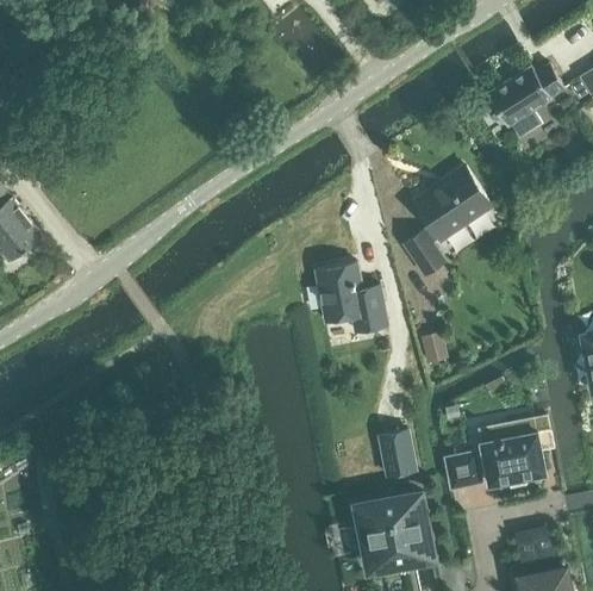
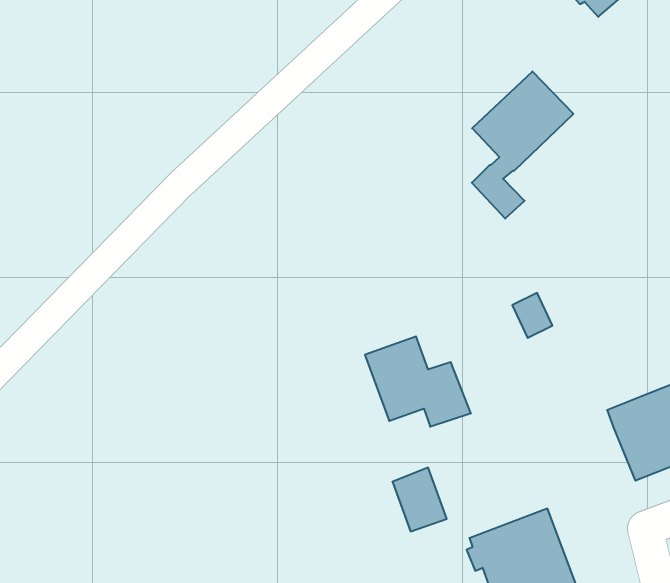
building: [317,265,388,334] -> [365,336,471,427]
building: [380,433,416,478] -> [392,468,447,531]
building: [445,455,481,491] -> none

